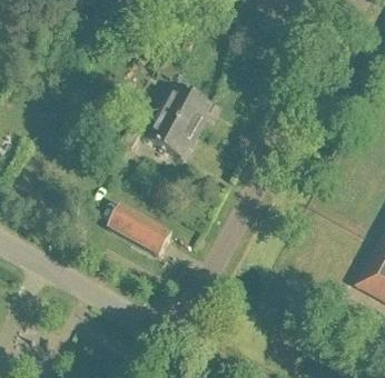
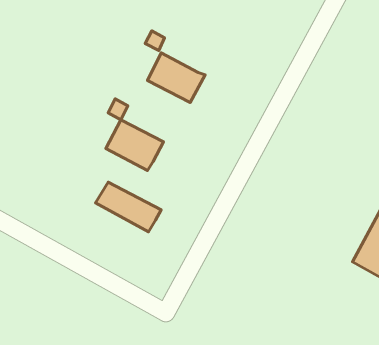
building: [146,108,201,157] -> [106,120,163,171]

